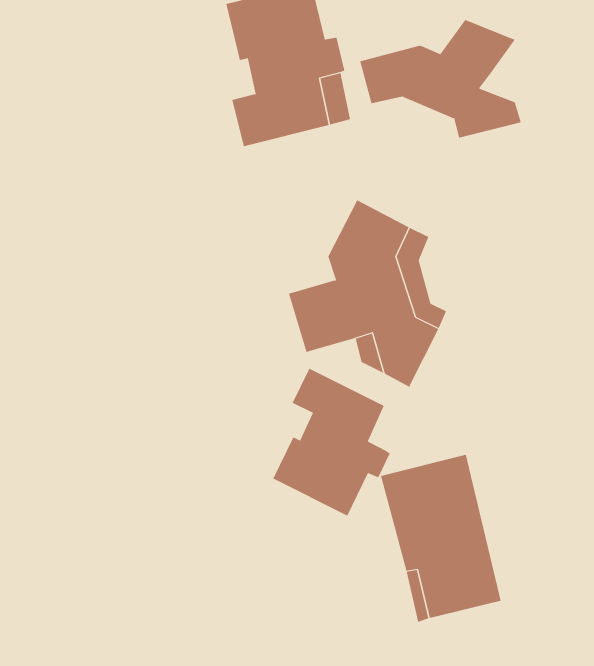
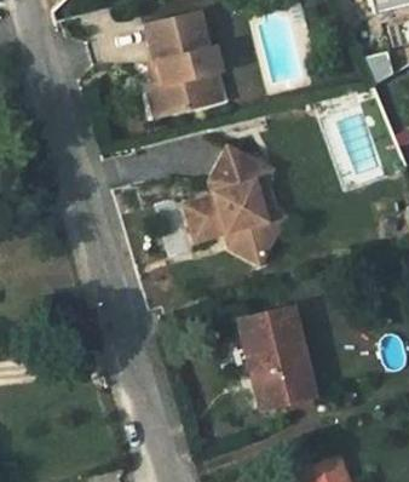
building: [359,19,521,138] -> none
building: [272,368,391,516] -> none

